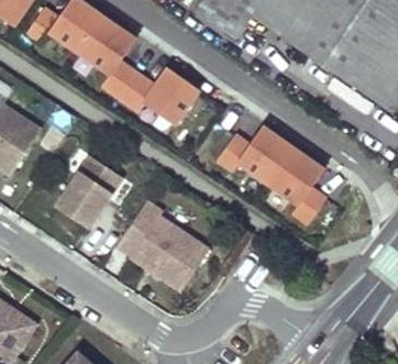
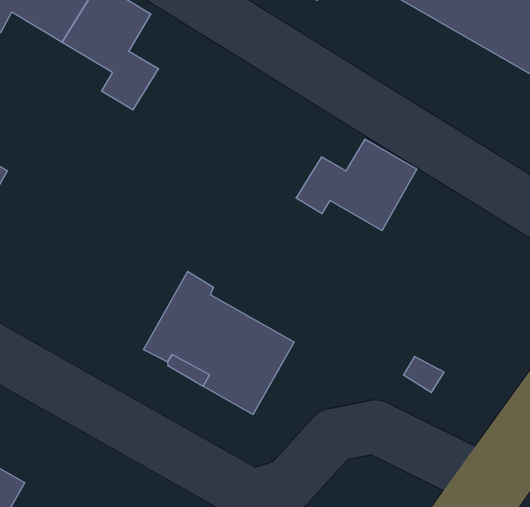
building: [120,67,198,125] -> none
building: [268,147,325,223] -> none
building: [56,155,122,228] -> none

